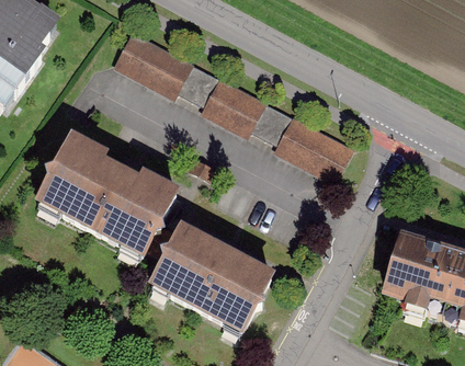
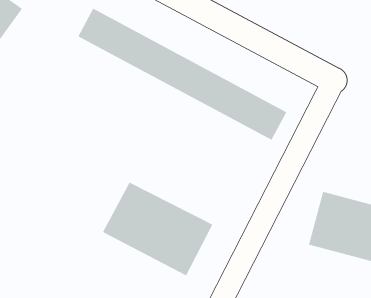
building: [35,134,178,258] -> none

